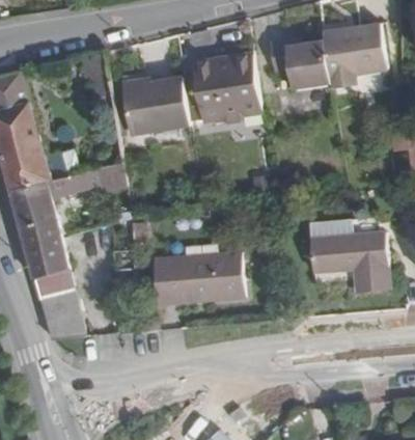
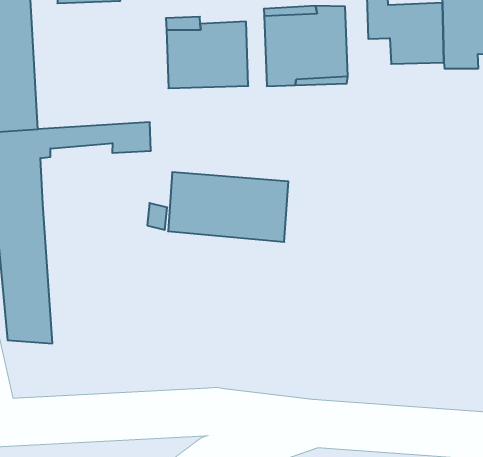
building: [305,219,387,293] -> none
building: [156,253,246,304] -> [168,172,288,242]

